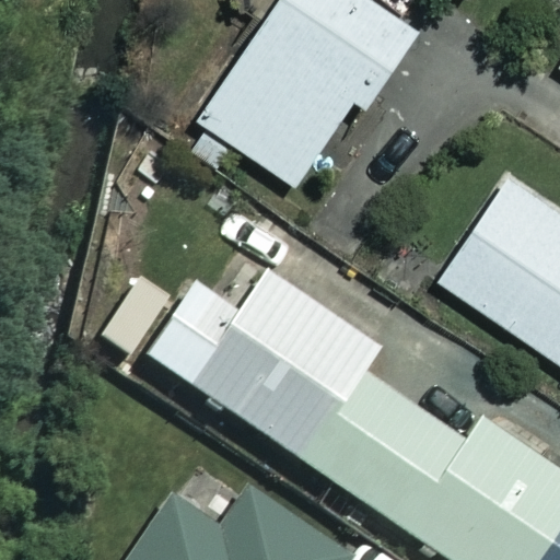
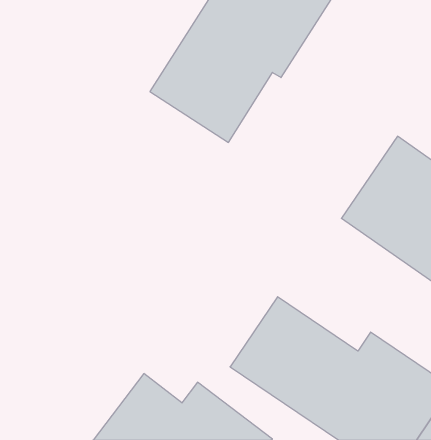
building: [148,273,381,465] -> none

